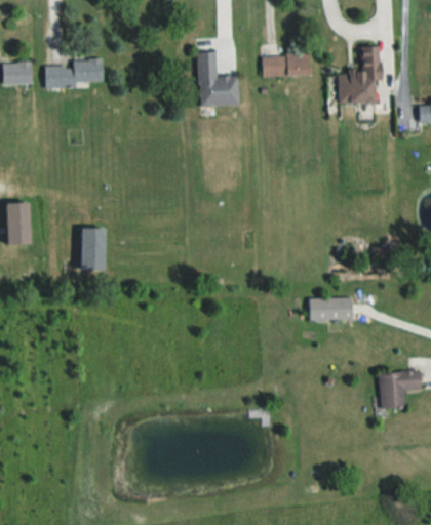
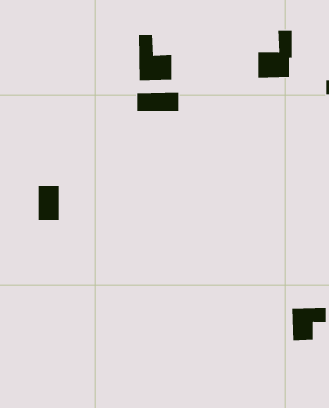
building: [261,53,311,76] -> [136,92,179,111]
building: [44,62,104,85] -> none
building: [307,297,353,320] -> none

